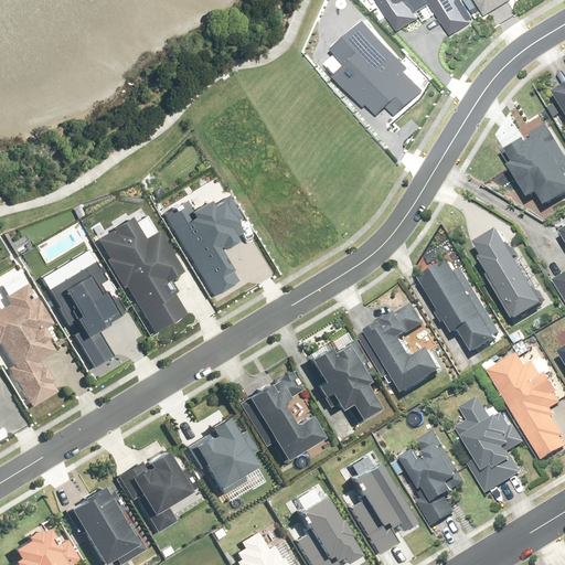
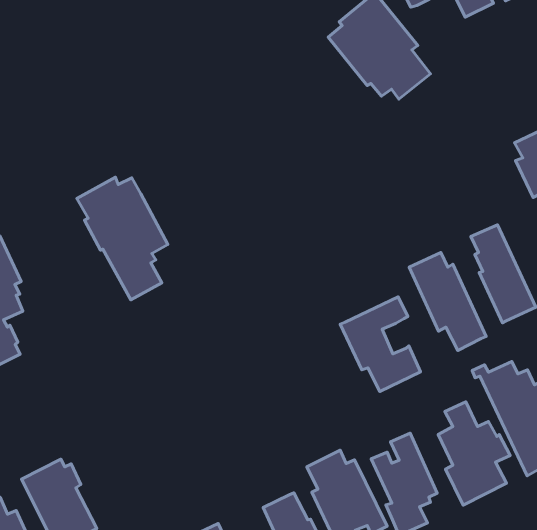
building: [166,193,246,297] -> none
building: [42,249,124,369] -> none
building: [308,341,375,419] -> none
building: [238,372,328,461] -> none
building: [193,417,256,494] -> none
building: [119,449,198,533] -> none

